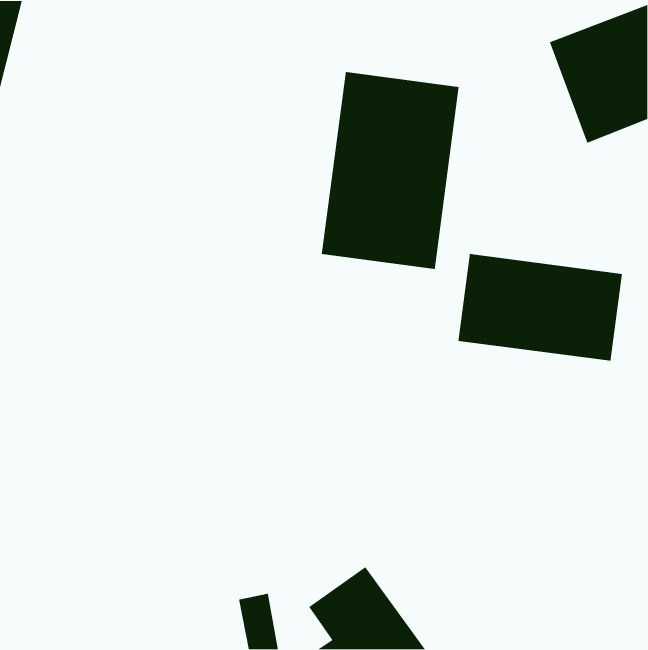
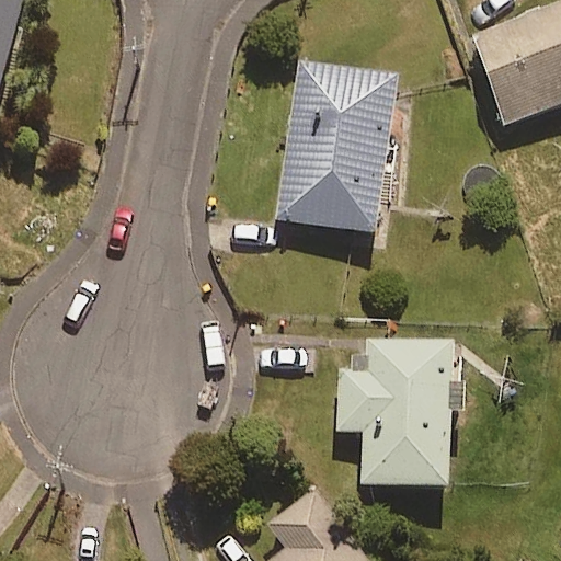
building: [458,253,623,362] -> none
building: none -> [337,341,469,484]

